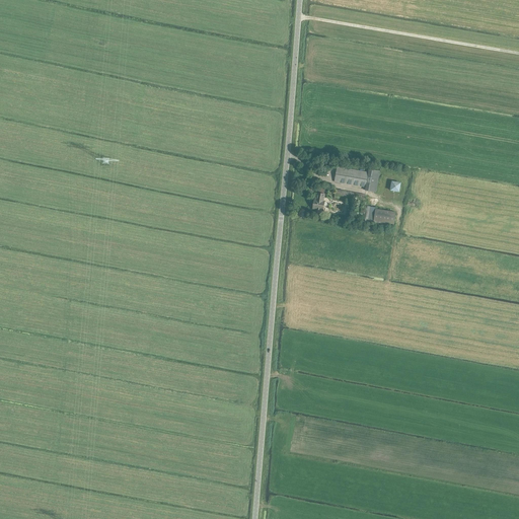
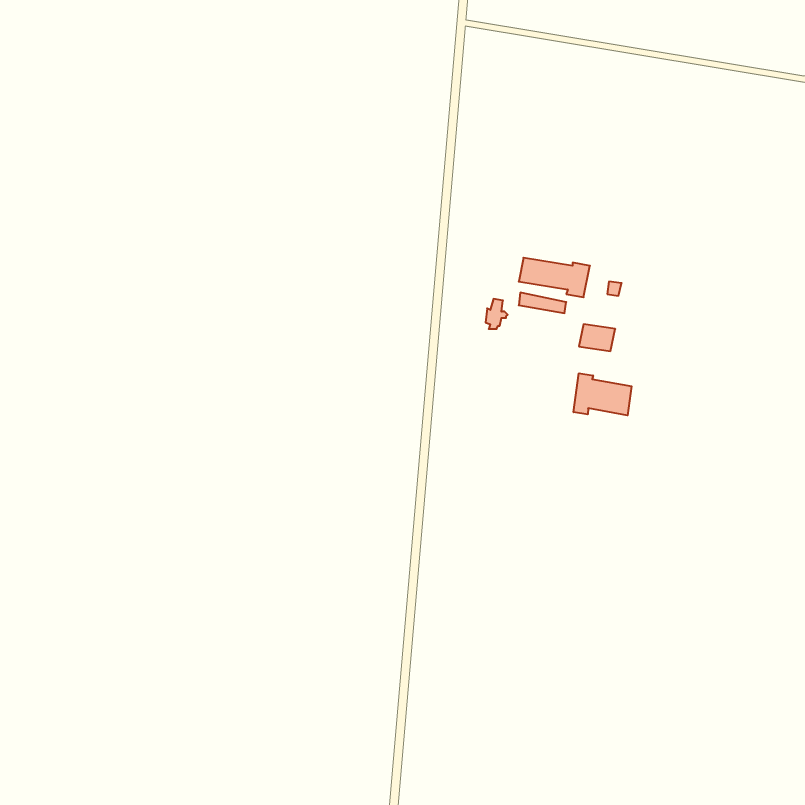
building: none -> [574,373,632,415]

